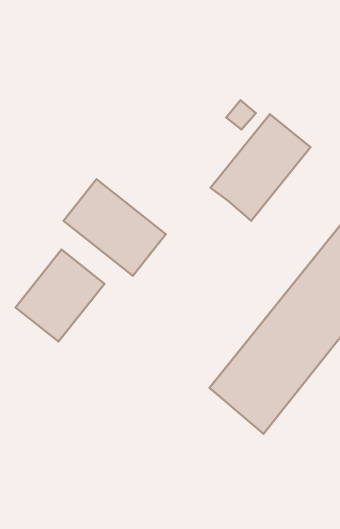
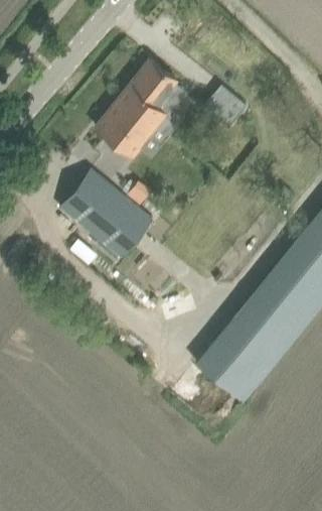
building: [211,114,310,221] -> [96,61,187,159]
building: [16,250,105,342] -> none

